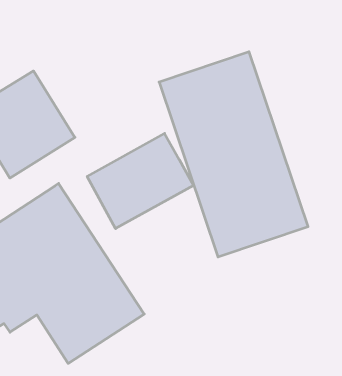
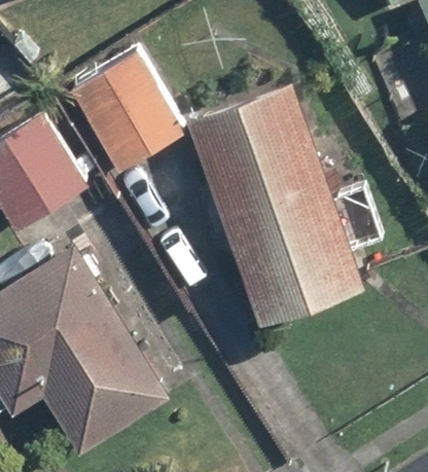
building: none -> [69,50,188,176]
building: [87,133,194,229] -> none

